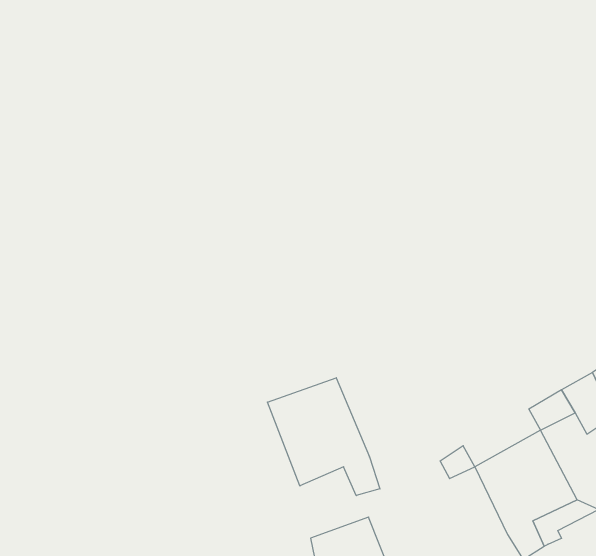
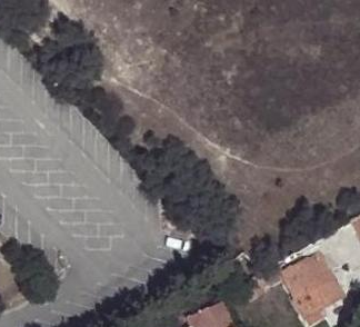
building: [267,378,380,496] -> none

